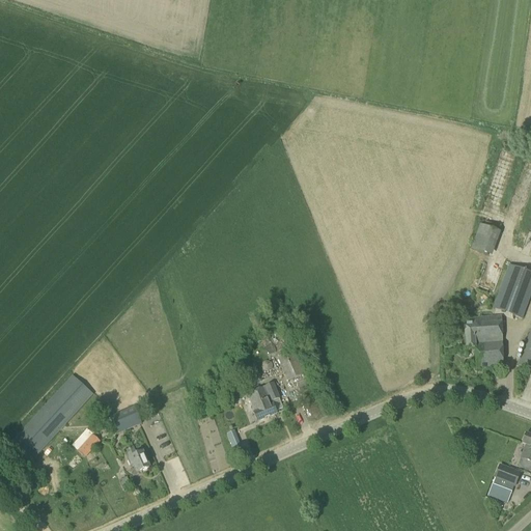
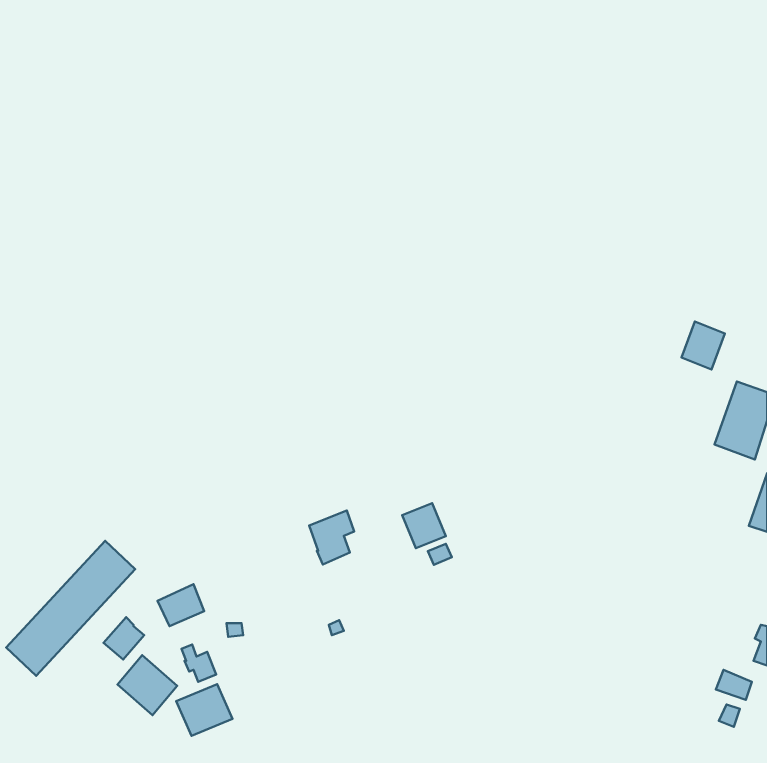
building: [465,314,504,365] -> none
building: [248,382,279,419] -> [309,510,354,564]
building: none -> [117,655,177,715]
building: none -> [176,684,232,736]

